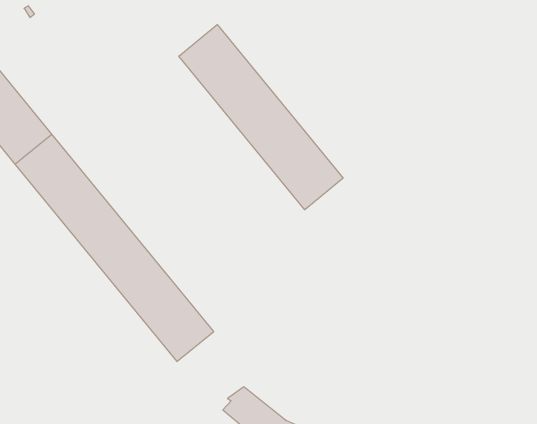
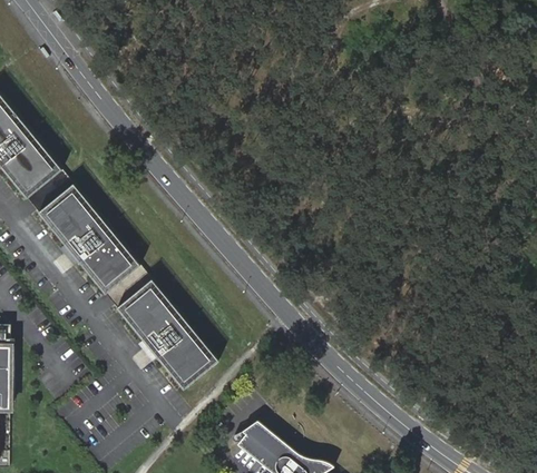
building: [179,25,343,210] -> none

